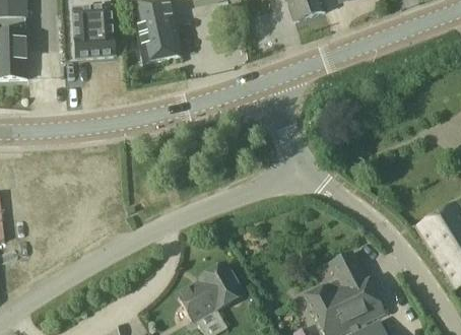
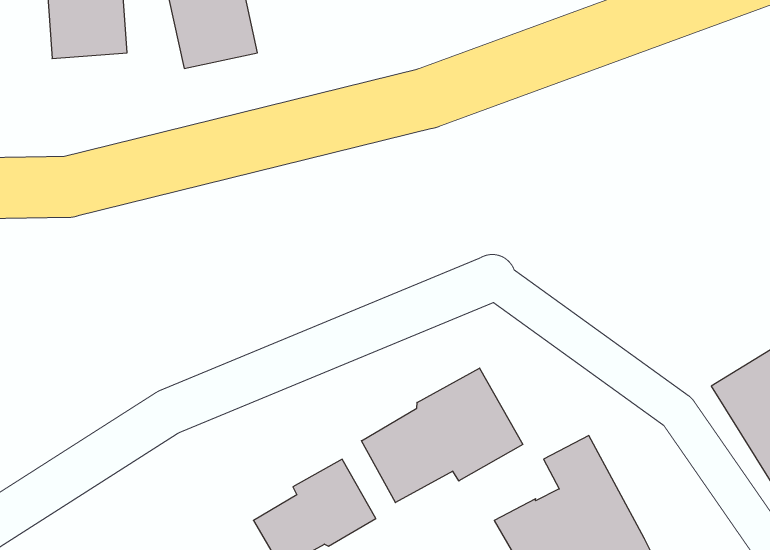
building: none -> [361,368,523,503]

